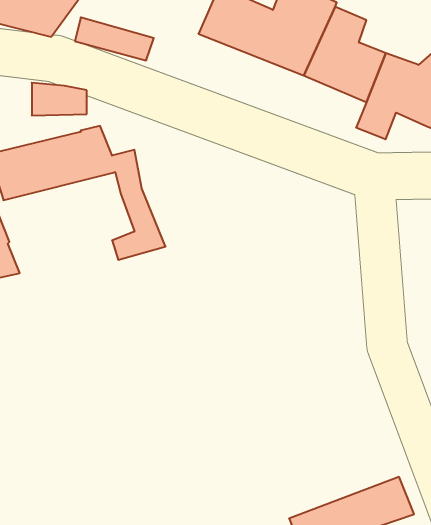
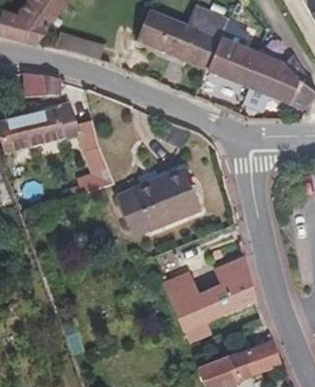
building: none -> [115,168,200,237]
building: none -> [162,258,255,342]

